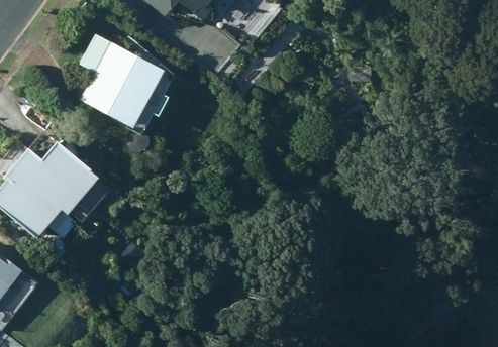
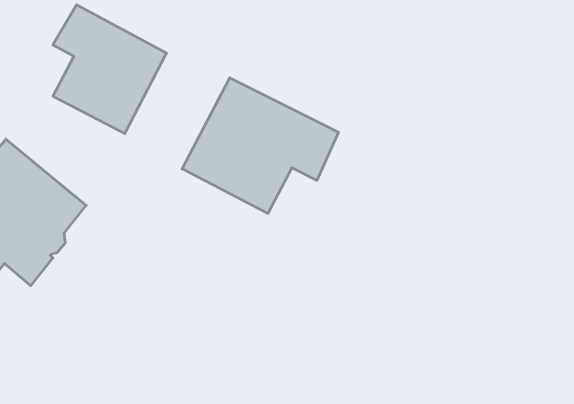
building: none -> [182,78,339,213]

